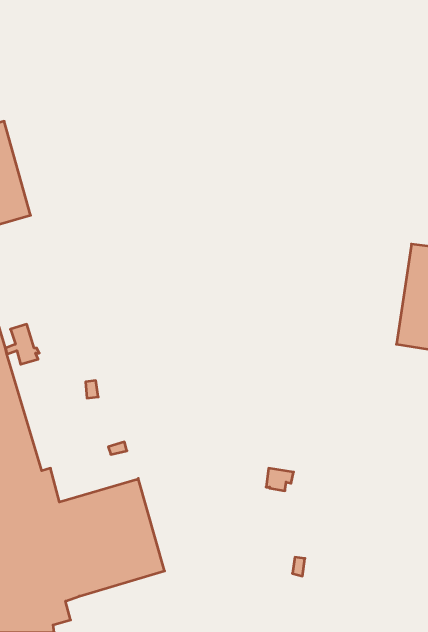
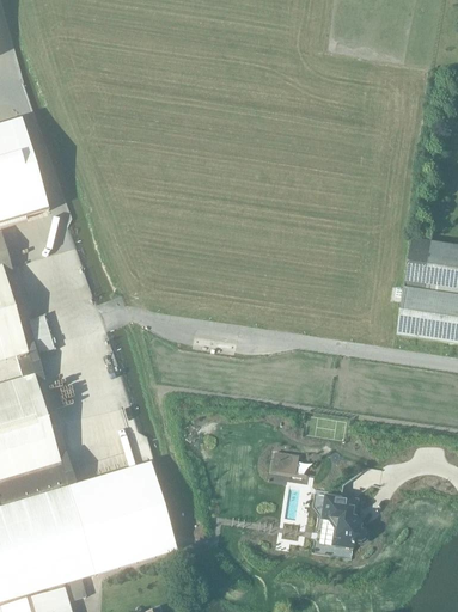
building: none -> [323,494,368,546]

